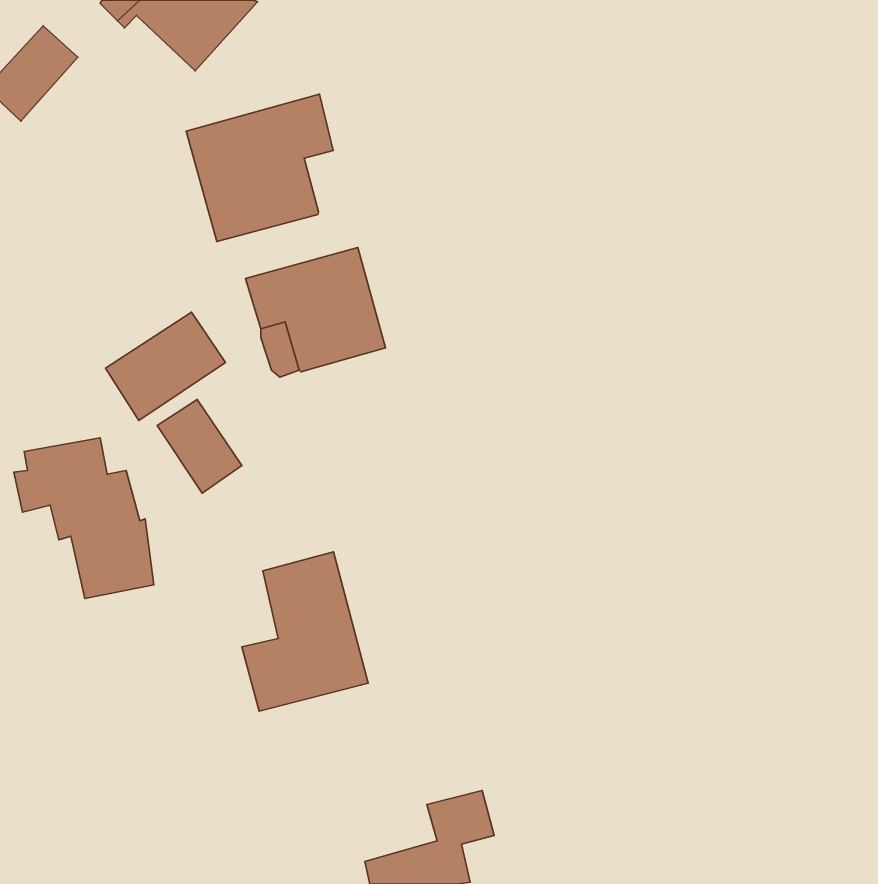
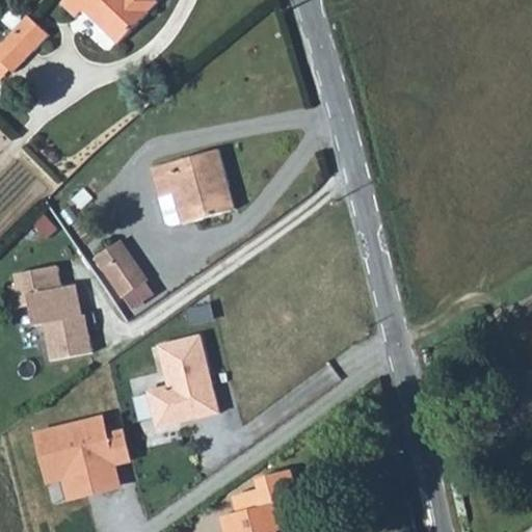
building: [186,94,333,242] -> none
building: [105,312,226,420] -> none
building: none -> [31,414,128,502]

